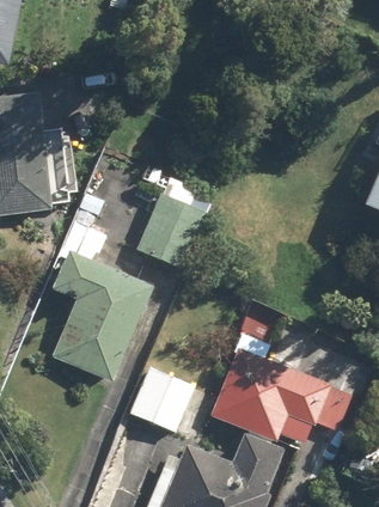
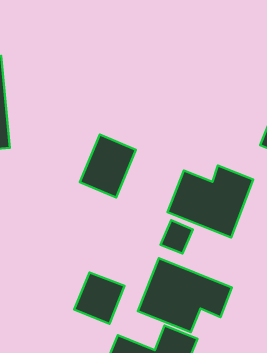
building: [51,221,155,380] -> none
building: none -> [167,166,253,237]

